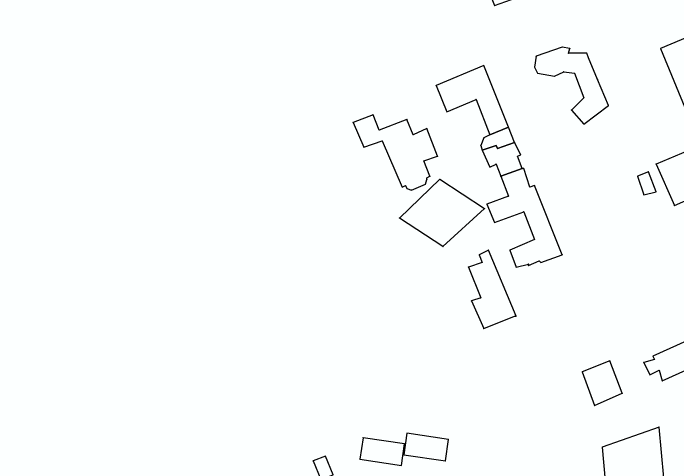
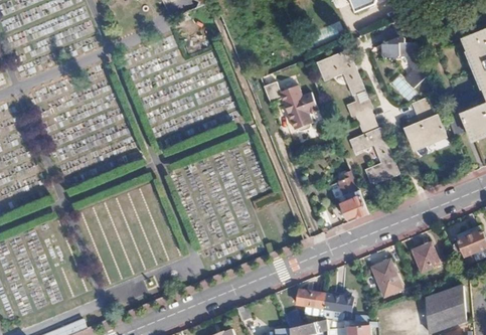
building: none -> [404,98,446,150]
building: [399,179,485,247] -> none
building: none -> [370,259,397,289]
building: [360,438,405,465] -> [322,294,351,312]

